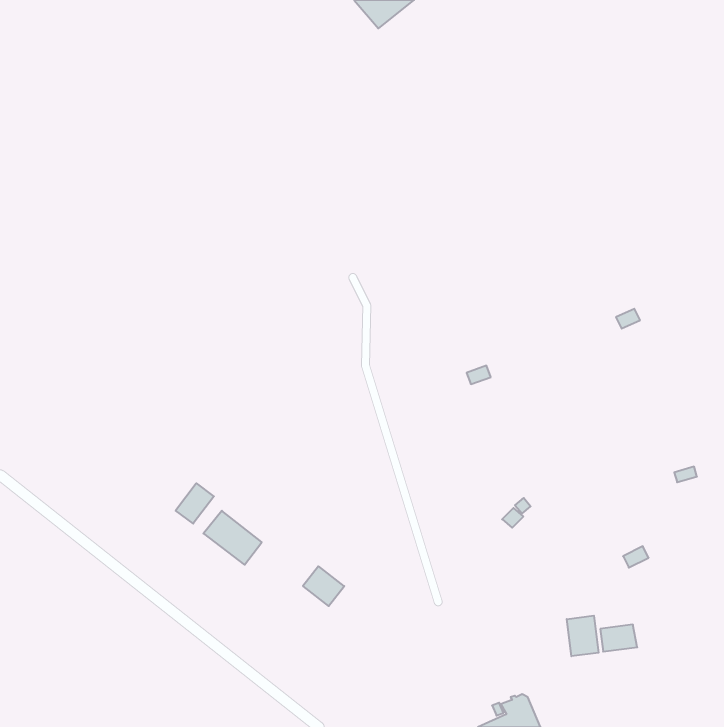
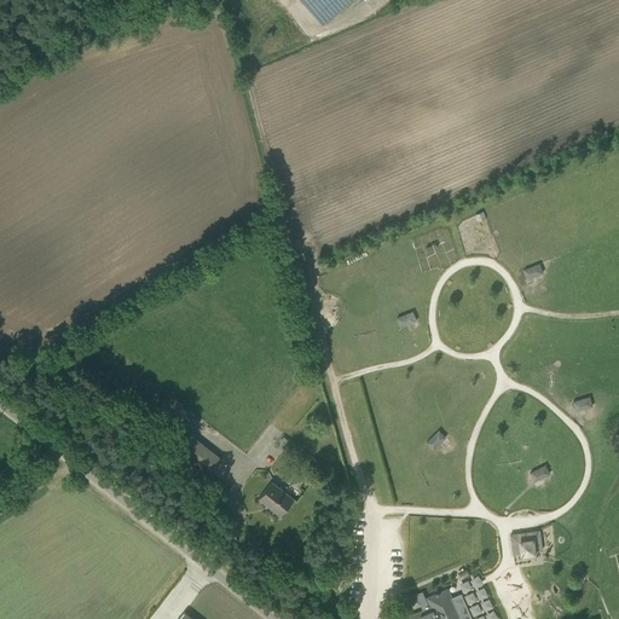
building: [176,483,214,524] -> none
building: [567,616,599,656] -> none

